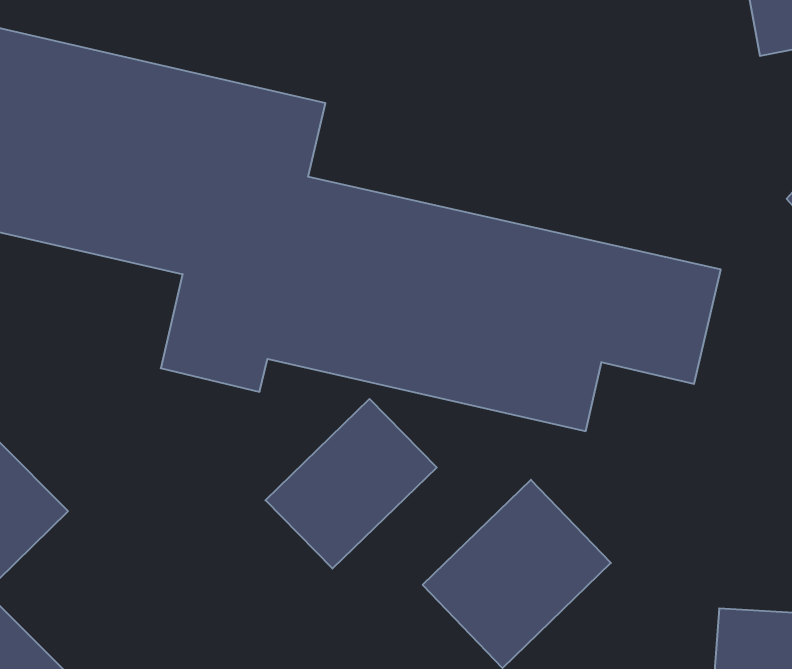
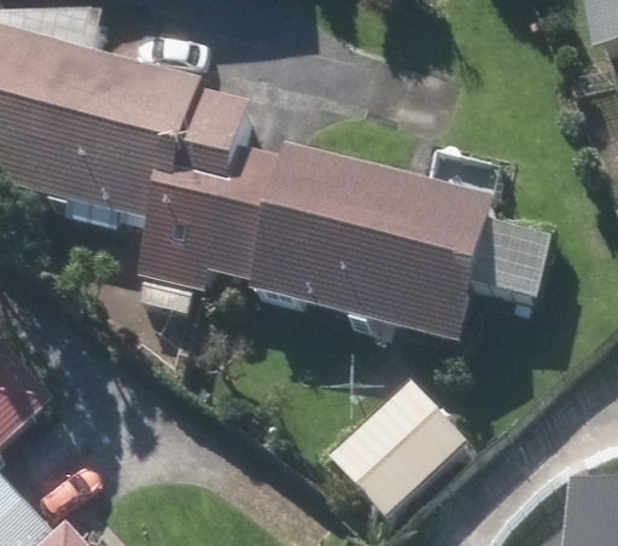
building: [265,399,437,569] -> none

